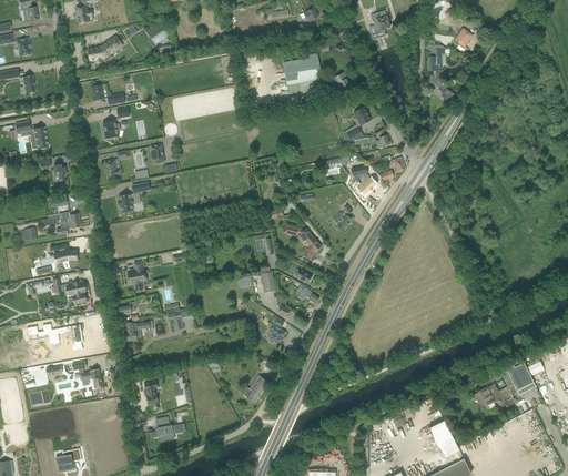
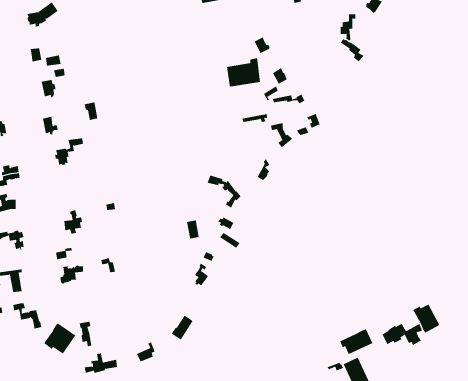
building: [282,52,320,84] -> [226,58,261,87]
building: none -> [43,322,76,354]
building: none -> [339,328,373,355]

